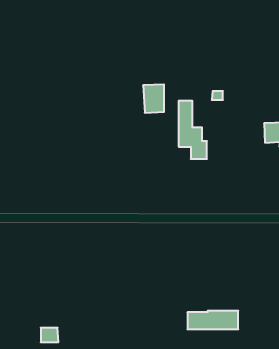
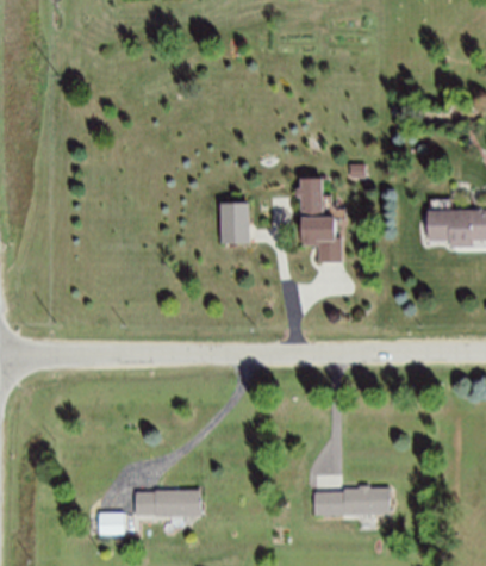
building: [143,84,164,113] -> [218,203,249,244]
building: none -> [135,489,202,516]

